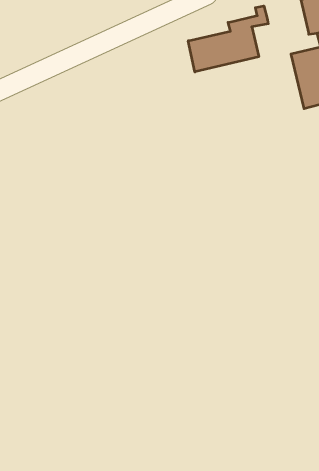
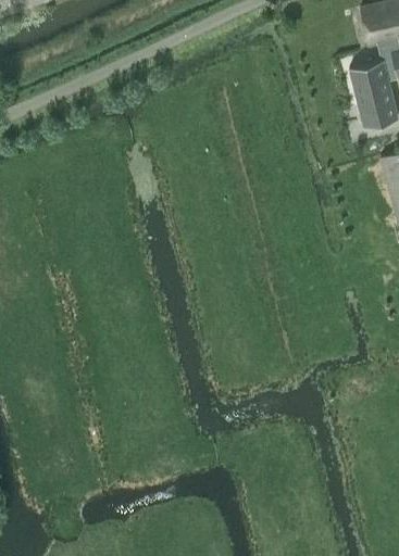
building: [188,6,268,72] -> none

